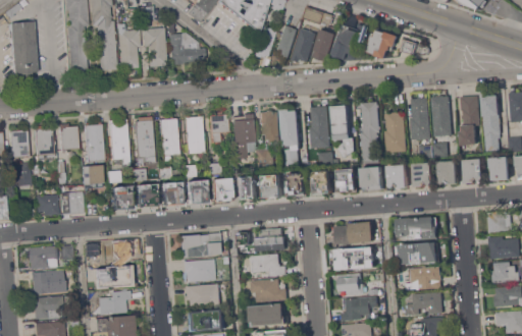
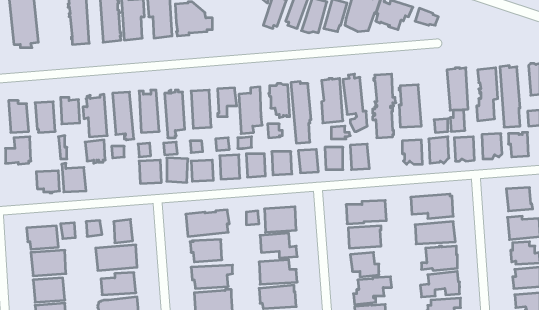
building: [410,97,430,139] -> none
building: [361,167,382,187] -> none
building: [111,185,132,209] -> none

